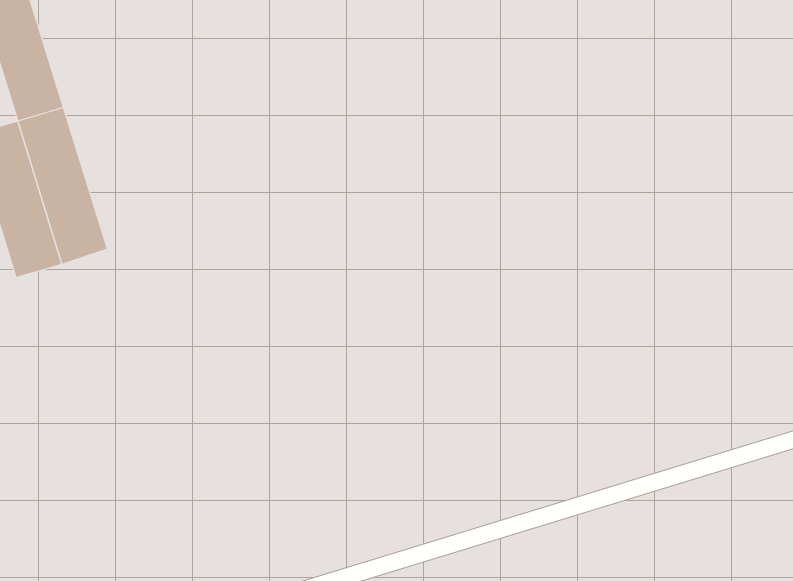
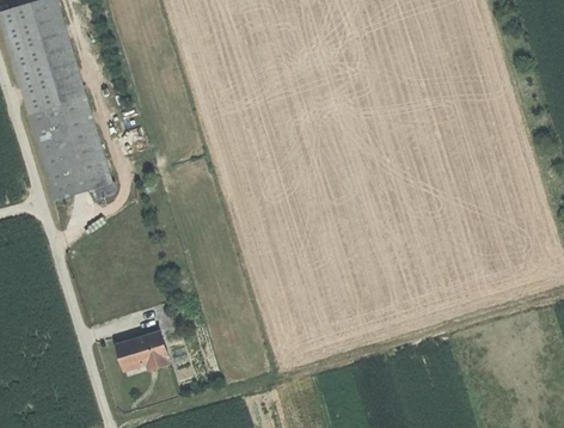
building: none -> [114,337,165,372]

